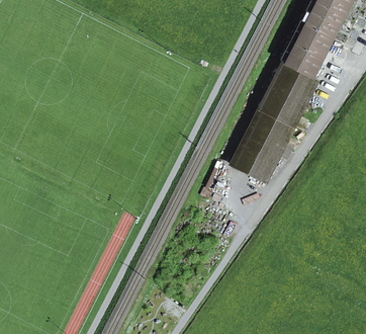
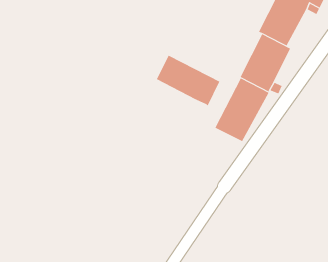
building: none -> [156,55,221,106]

